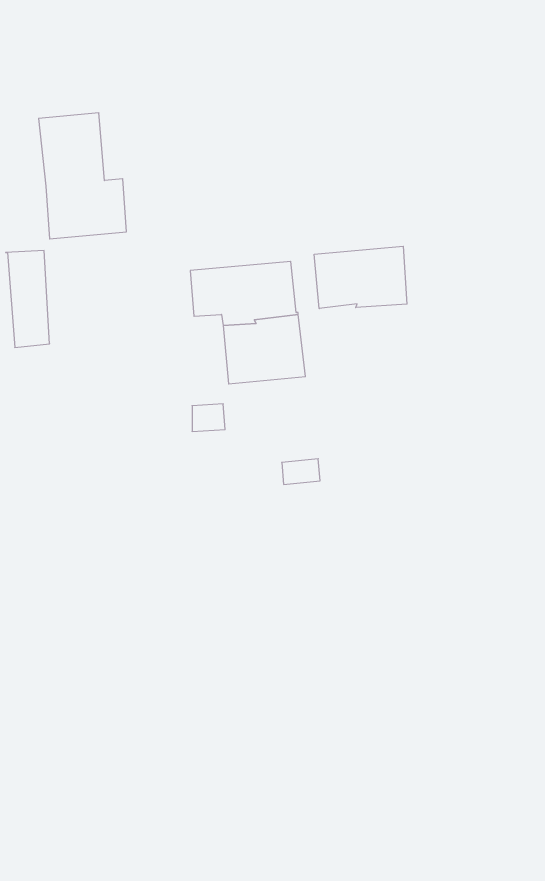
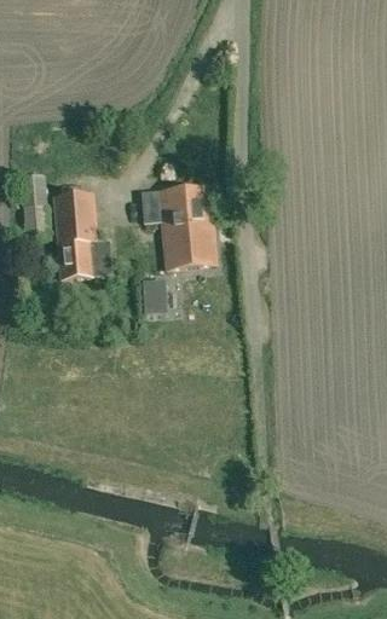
building: [39,113,126,239] -> [52,193,110,277]
building: [314,246,407,309] -> none

